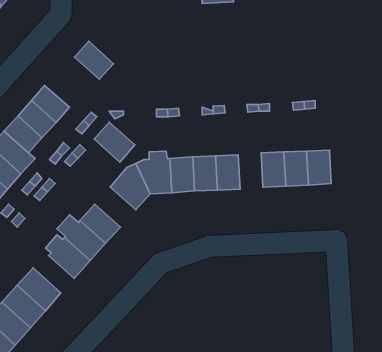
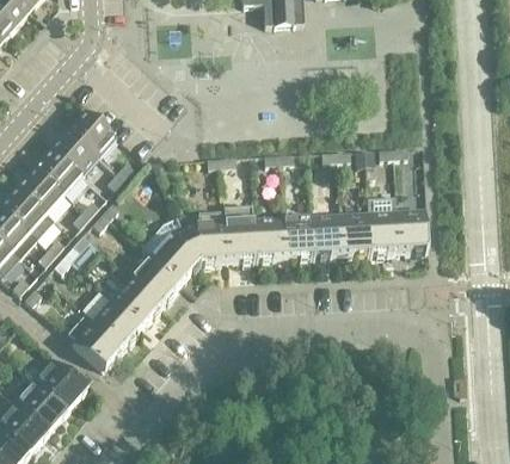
building: [75,41,113,79] -> [66,107,115,155]
building: [94,122,135,162] -> [129,255,180,305]
building: none -> [309,212,340,258]

